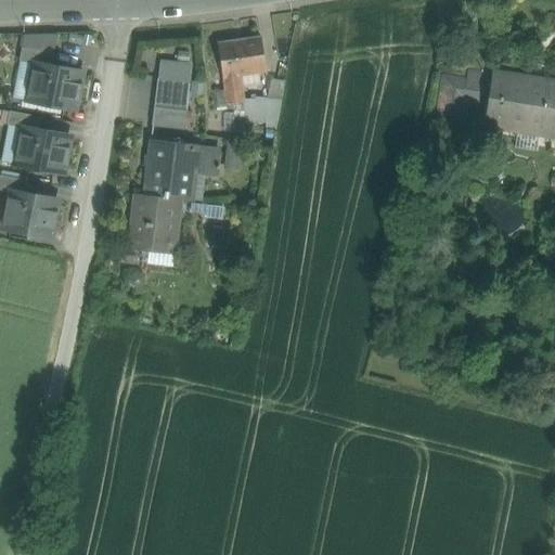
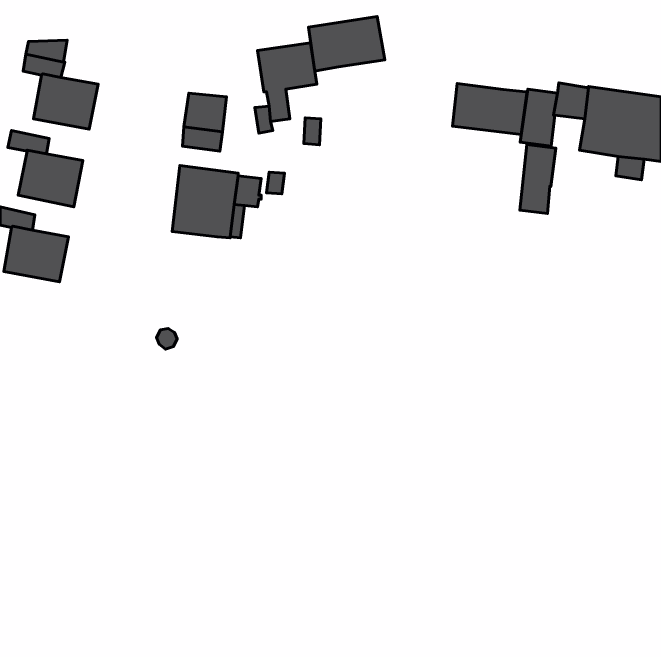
building: none -> [309,16,385,71]
building: [158,60,192,81] -> none
building: none -> [453,83,527,135]
building: none -> [520,145,556,213]
building: [127,193,182,253] -> none

